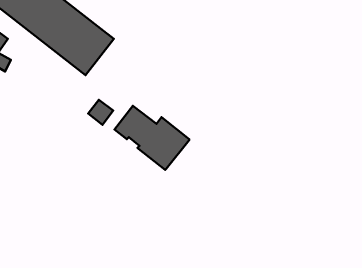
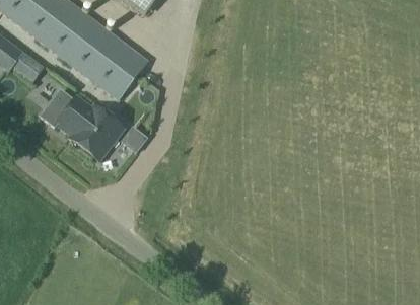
building: [115,106,189,170] -> [43,90,122,158]

